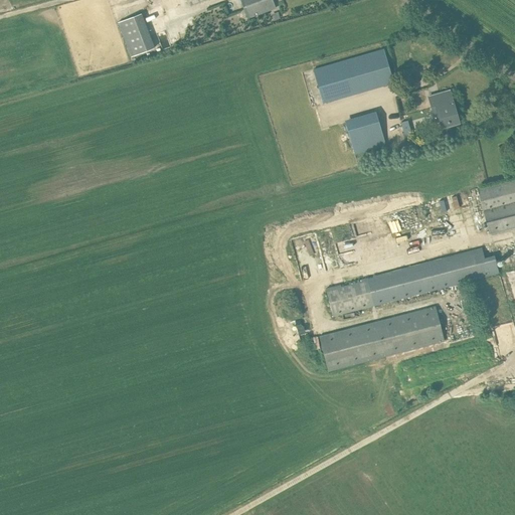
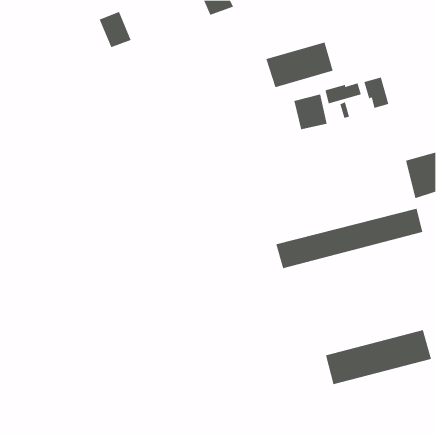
building: none -> [325,83,361,104]
building: [319,306,445,371] -> [325,329,432,385]

